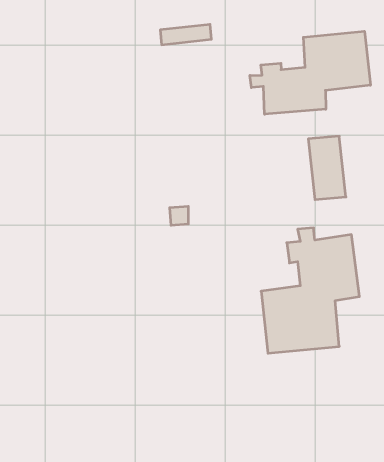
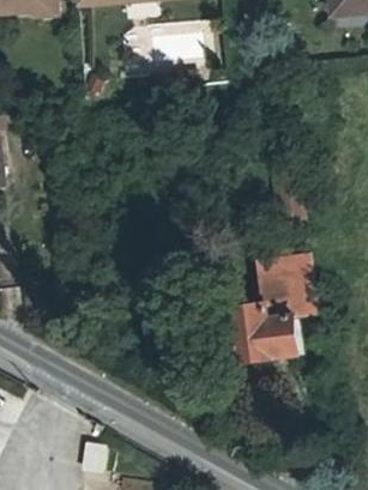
building: [250,31,370,114] -> none

